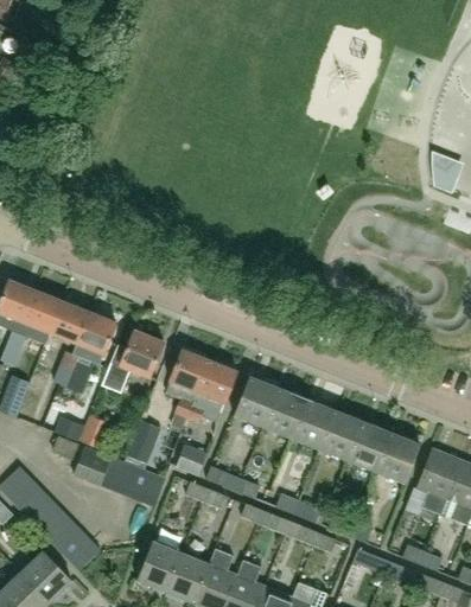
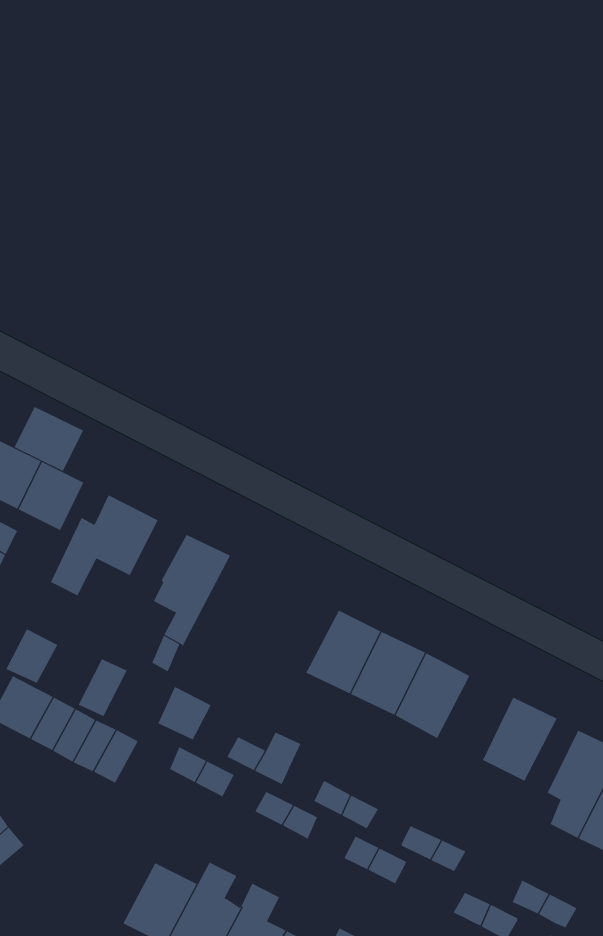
building: none -> [14,406,84,472]
building: [187,360,237,424] -> none
building: [235,376,280,428] -> none
building: [348,421,392,472] -> none
building: [138,541,182,592] -> none

